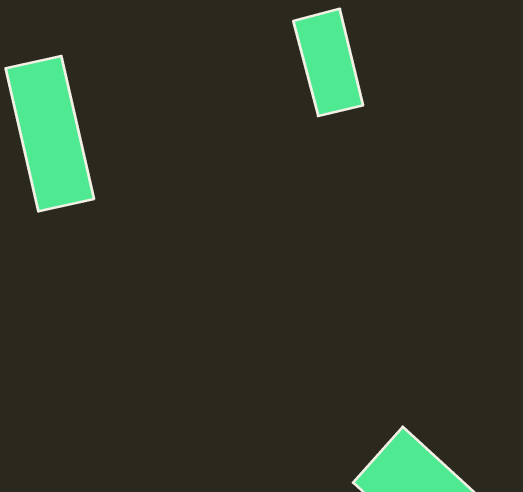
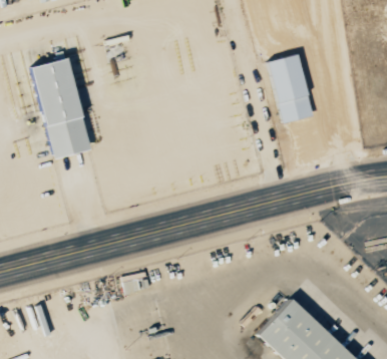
building: [293,9,363,116] -> [269,54,314,123]

